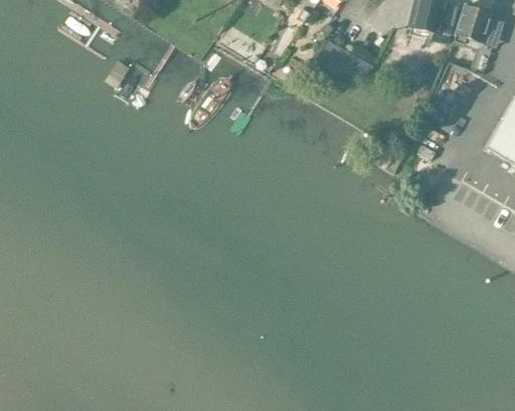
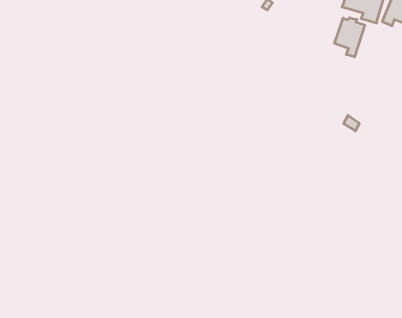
building: none -> [335,18,365,57]

